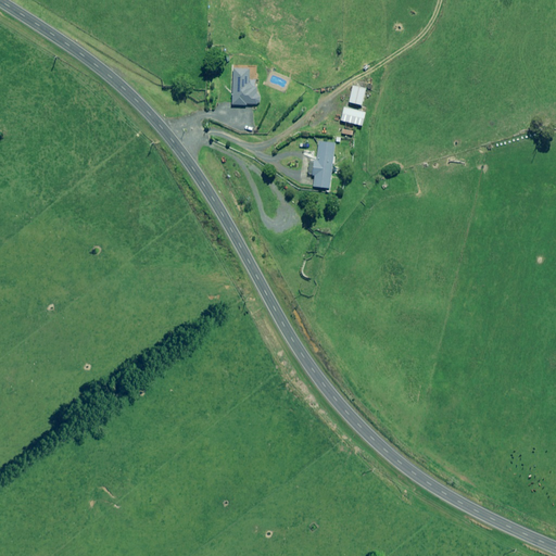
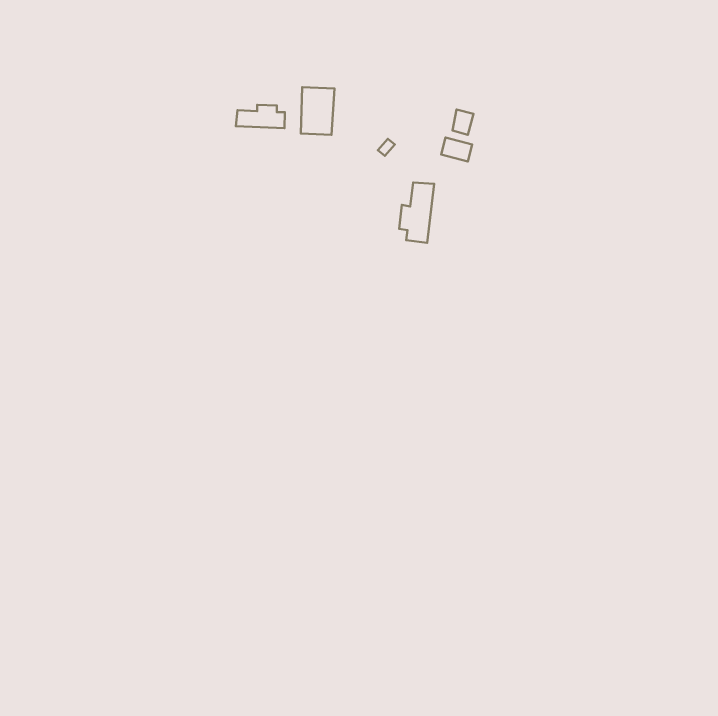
building: none -> [236,105,285,128]

